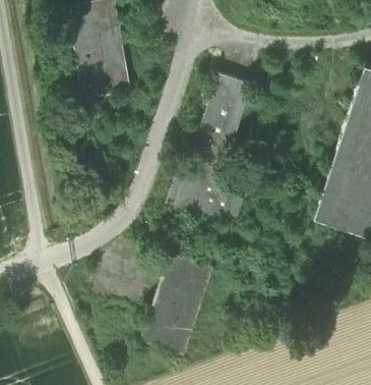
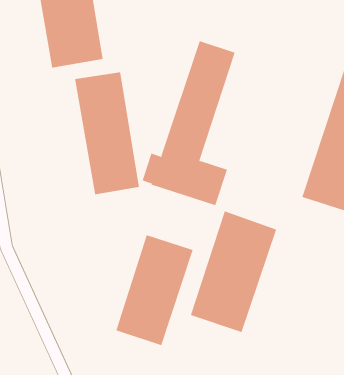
building: none -> [74,72,140,195]
building: none -> [190,211,277,333]

